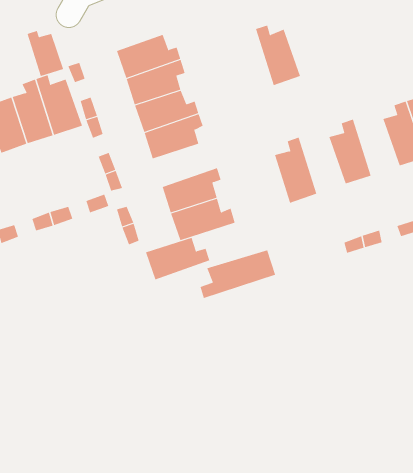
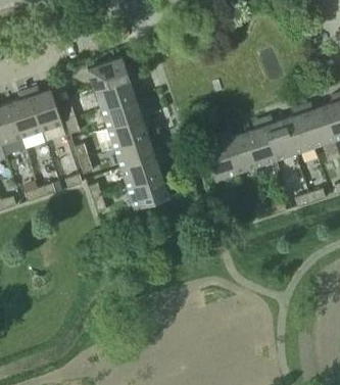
building: [255,25,301,86] -> [223,130,256,175]
building: [27,30,64,77] -> none
building: none -> [262,116,296,161]
building: [145,237,210,280] -> [114,138,162,170]
building: [200,250,276,299] -> none

